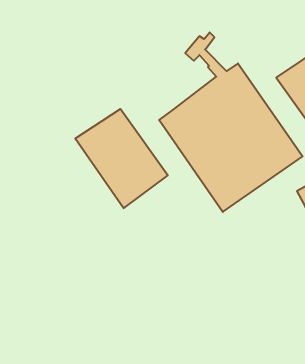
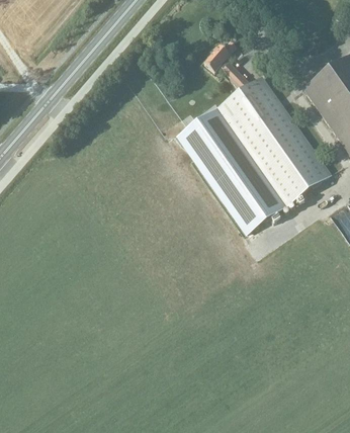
building: [75,109,168,208] -> none

